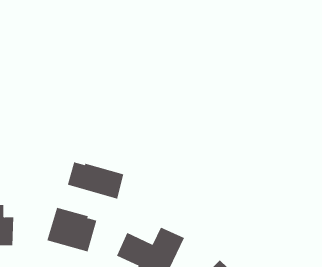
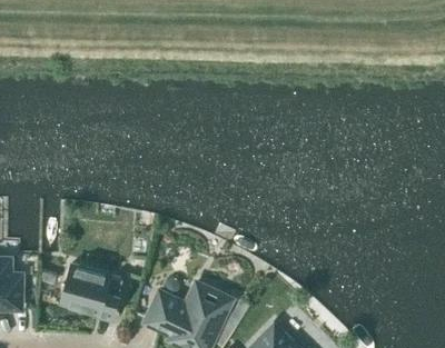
building: [67,161,124,199] -> none

